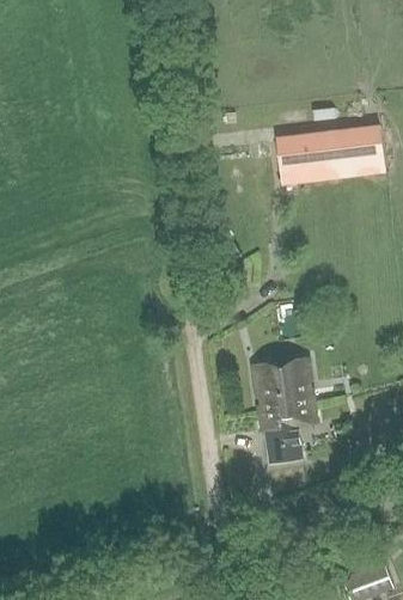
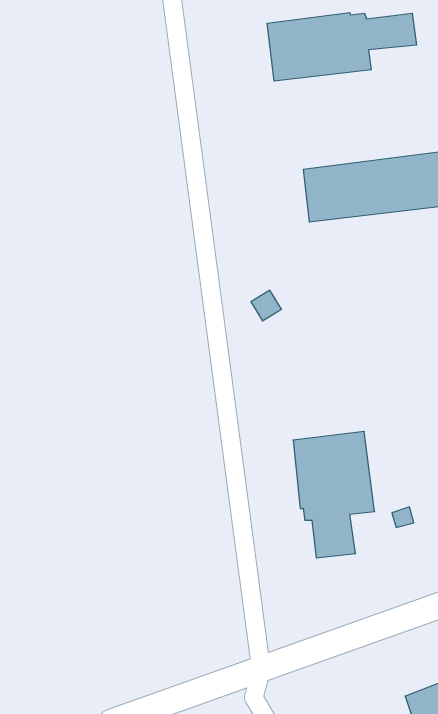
building: none -> [267,13,416,81]

